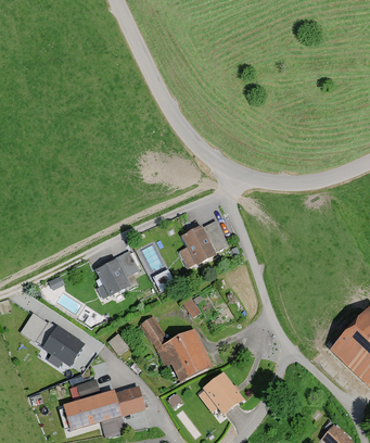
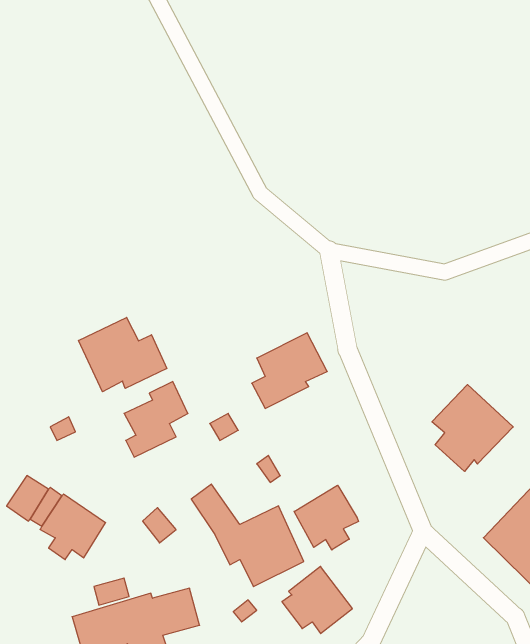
building: none -> [79,317,167,392]
building: none -> [432,385,513,471]
building: none -> [294,485,359,550]

